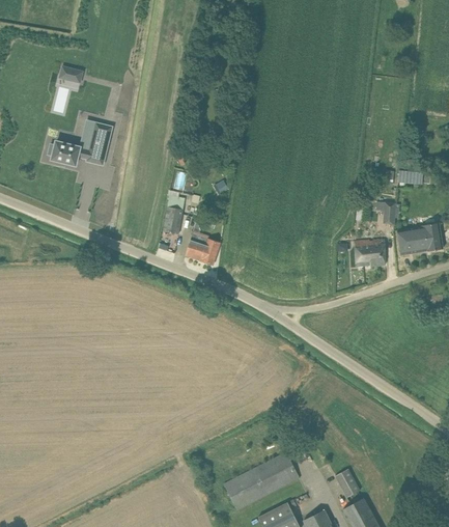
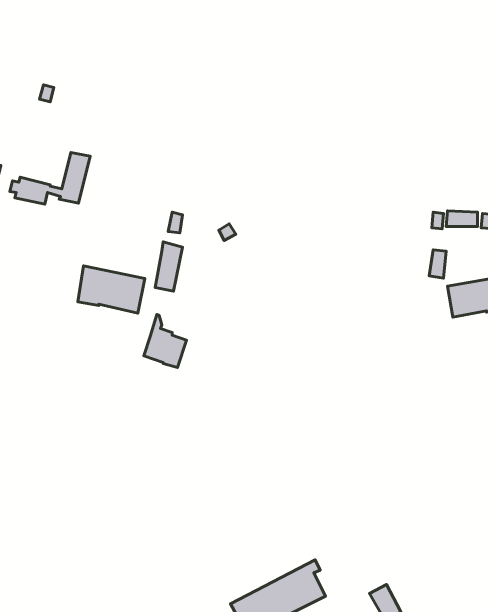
building: none -> [78,266,145,313]
building: [185,222,219,265] -> [144,314,187,368]
building: [354,239,384,267] -> none

